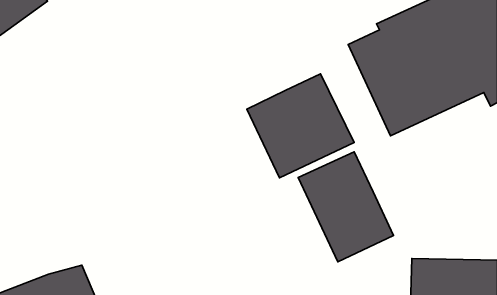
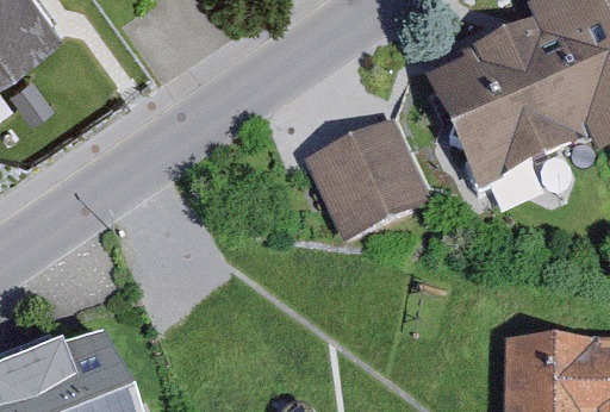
building: [298,152,393,262] -> none

